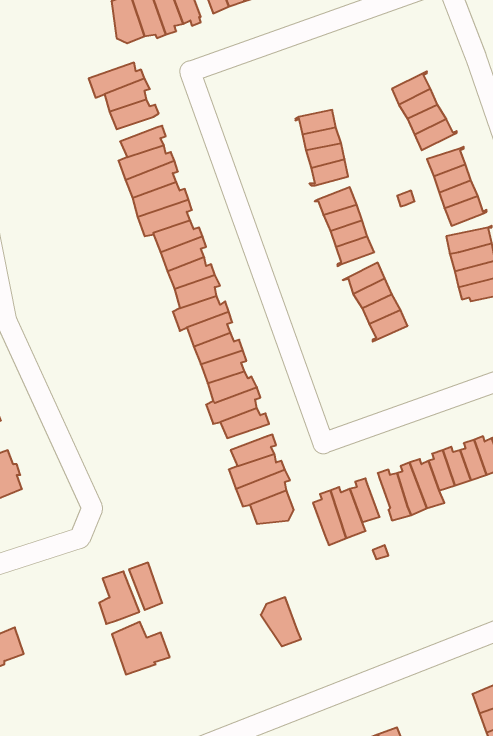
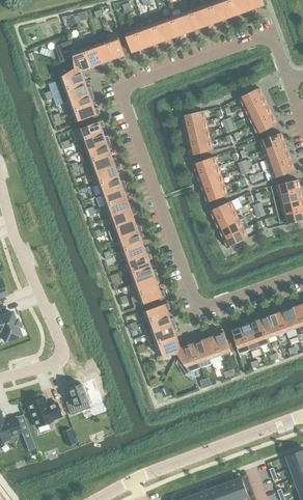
building: none -> [55,68,86,92]
building: [261,597,301,646] -> [177,343,201,372]
building: [112,622,170,675] -> [27,396,61,427]

